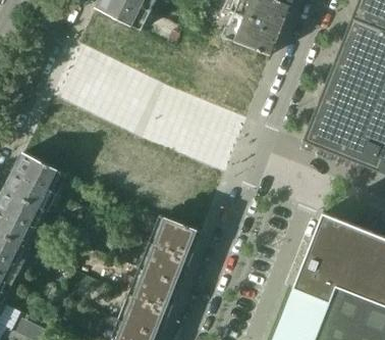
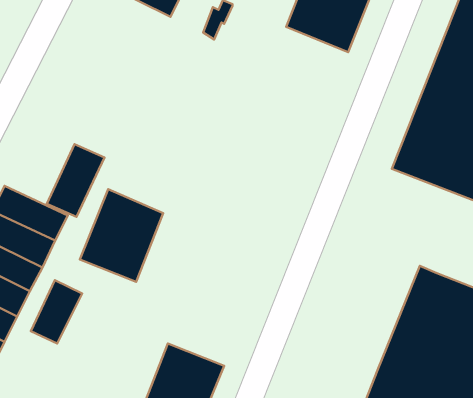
building: none -> [47,144,104,217]
building: [140,217,200,285] -> [80,189,163,282]
building: none -> [31,280,82,343]

